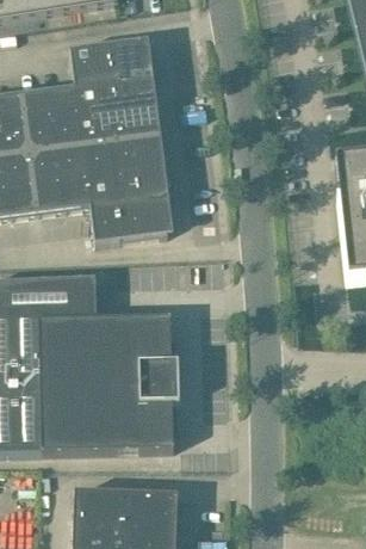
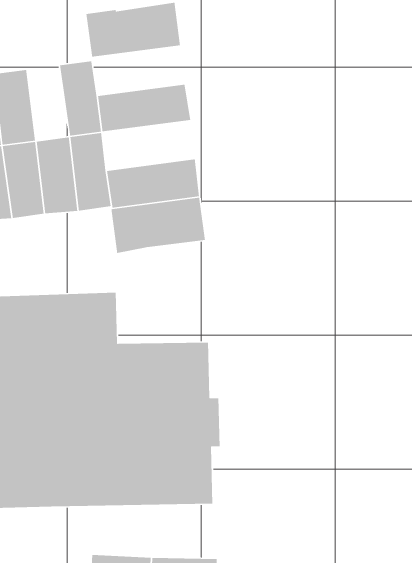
building: [76,74,153,115] -> none
building: [24,90,58,152] -> none
building: [85,135,161,175] -> none

